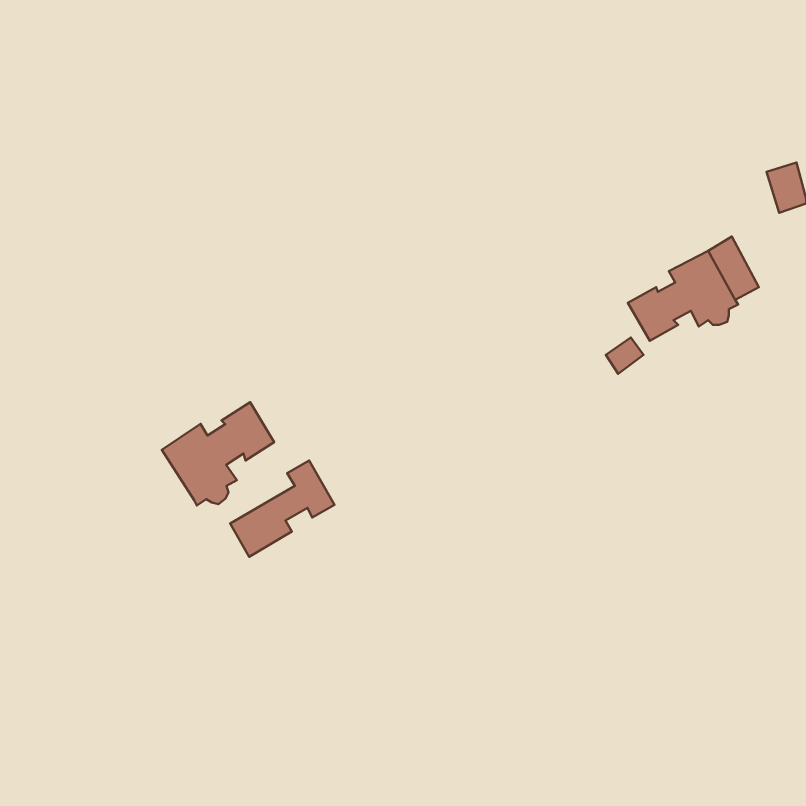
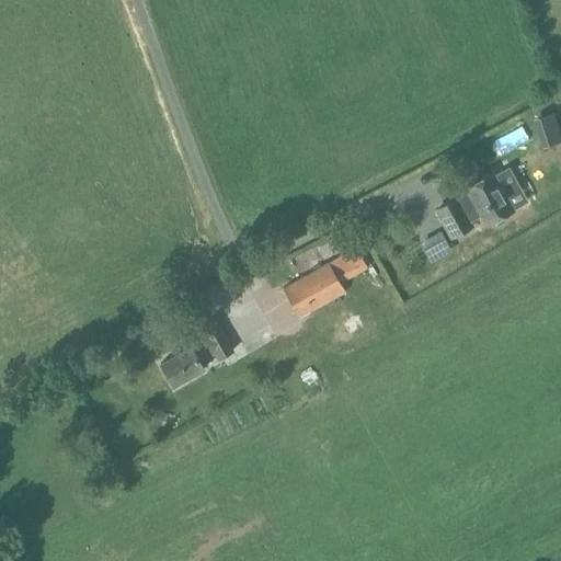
building: none -> [283,247,367,319]
building: [162,402,274,505] -> none

